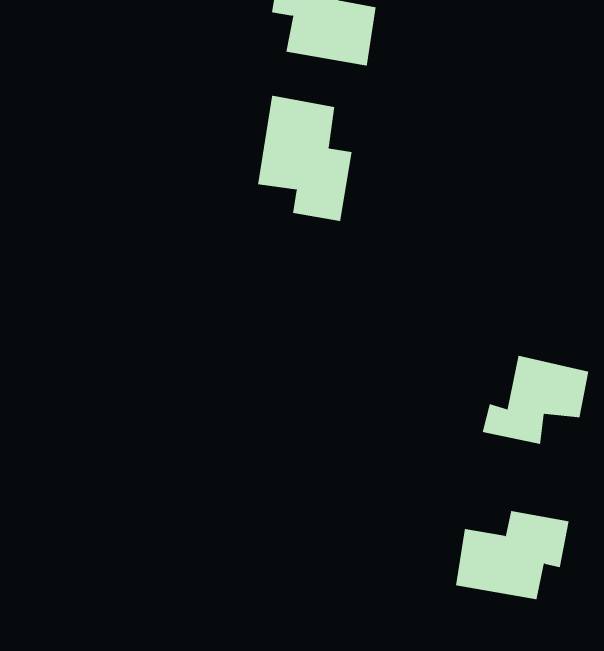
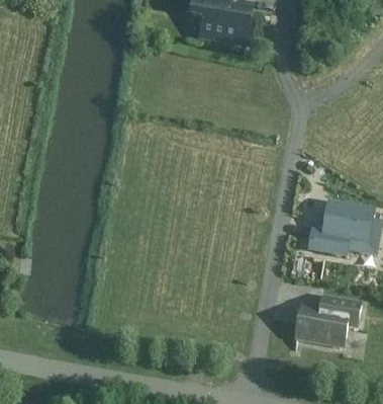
building: [257,95,352,222] -> none

